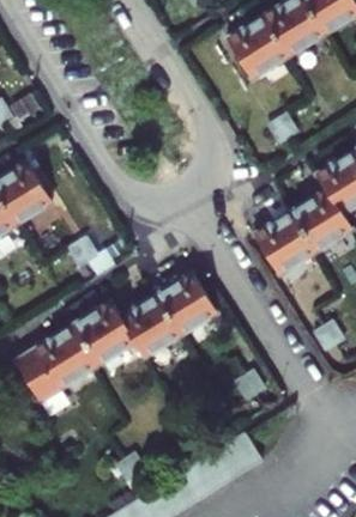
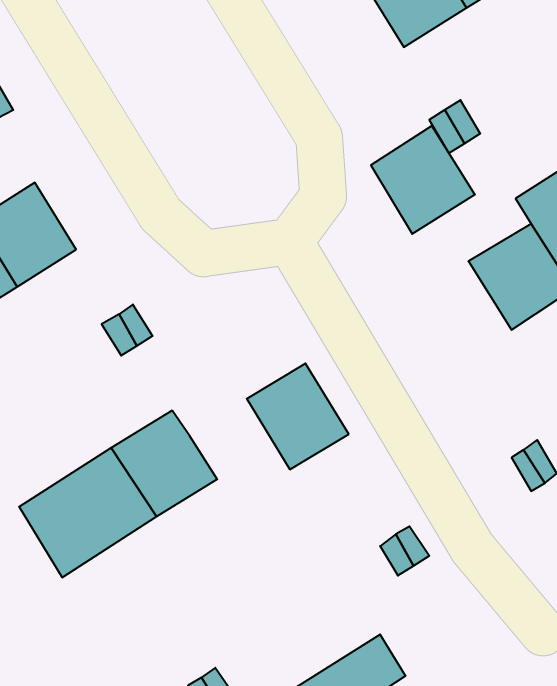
building: [253,208,316,274] -> [371,126,475,234]
building: [120,292,181,358] -> none

